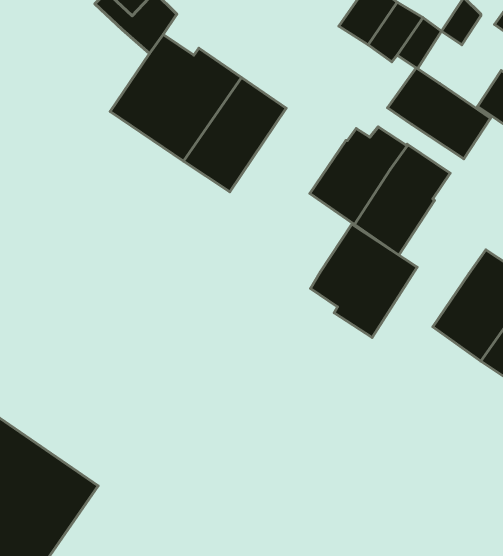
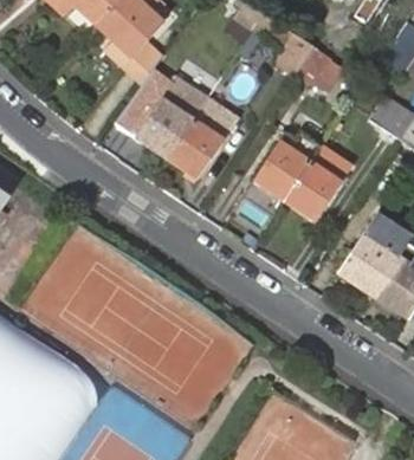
building: [388,68,491,159] -> none
building: [310,224,417,338] -> none

